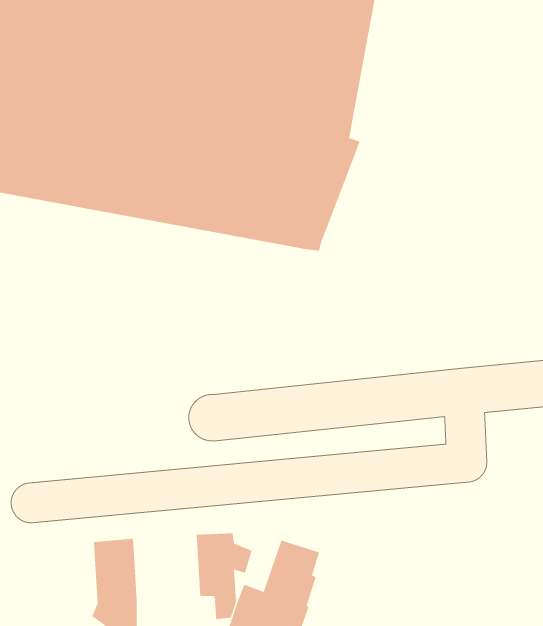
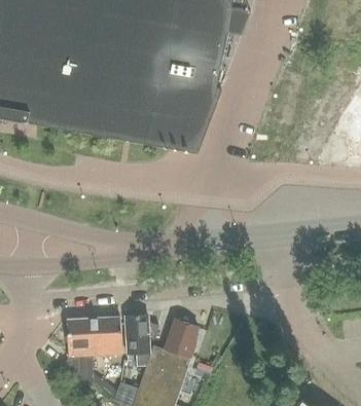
building: none -> [89,317,122,354]

